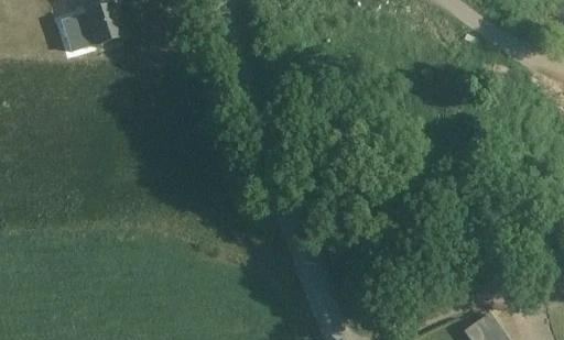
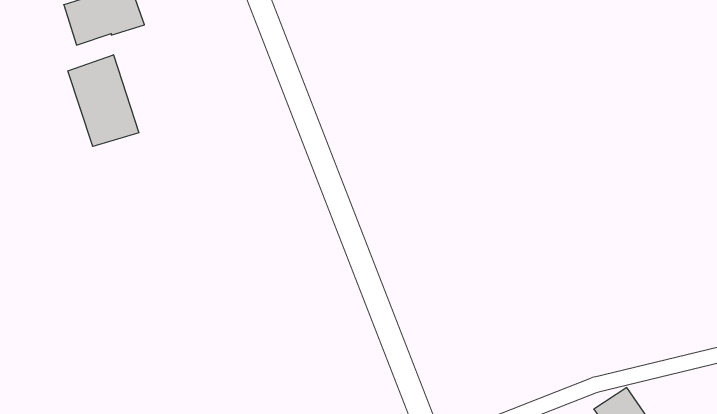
building: none -> [68,55,139,146]

